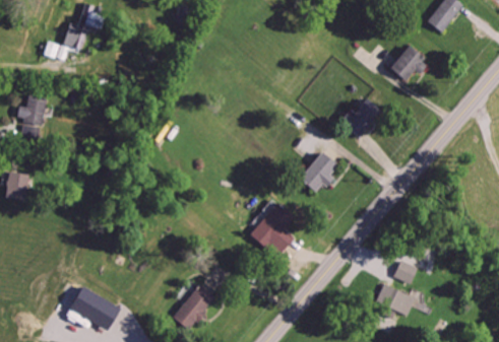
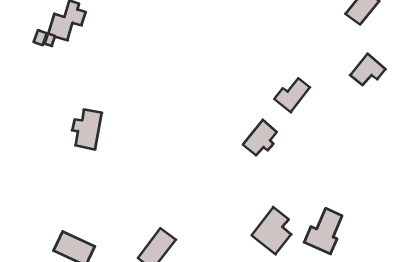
building: [388,43,432,81] -> [350,54,386,85]
building: [16,93,53,142] -> [72,110,102,149]
building: [5,169,32,204] -> none
building: [248,201,297,259] -> [252,207,291,254]

